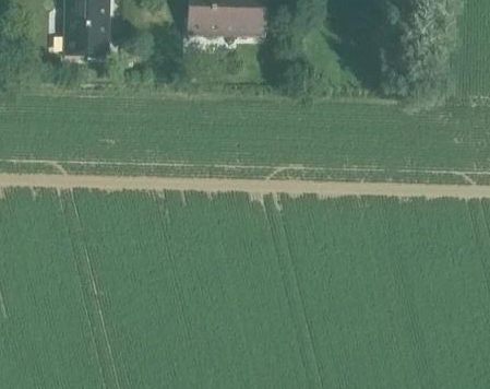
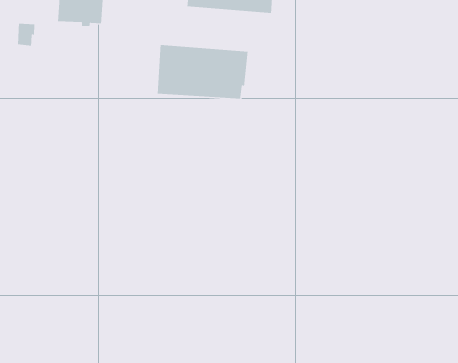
building: none -> [157,44,249,100]

